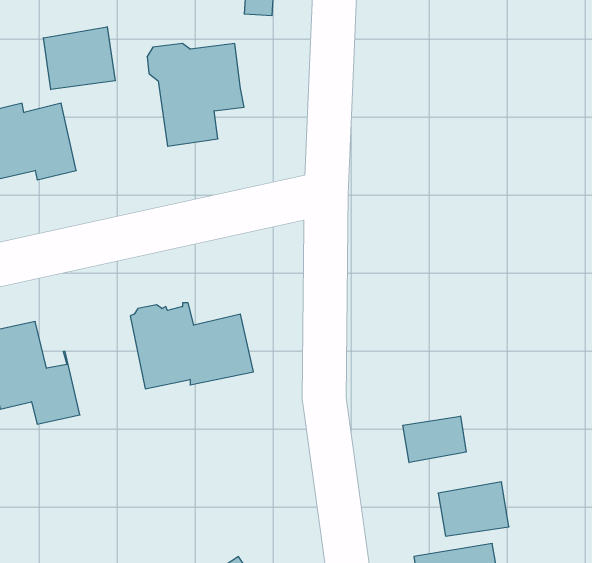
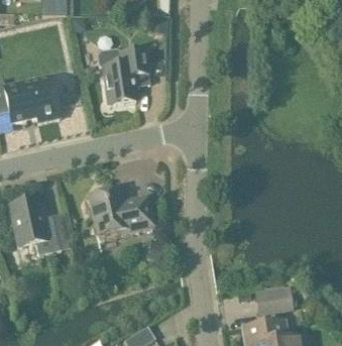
building: [43,27,115,90] -> none
building: [403,416,466,463] -> none

